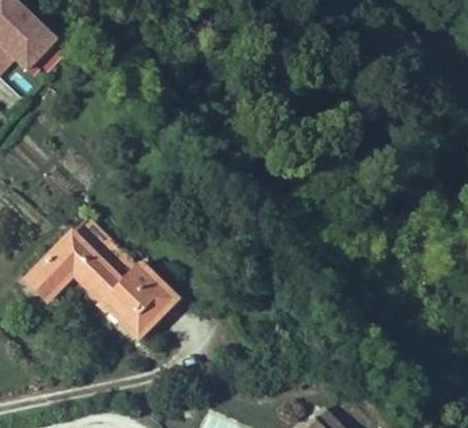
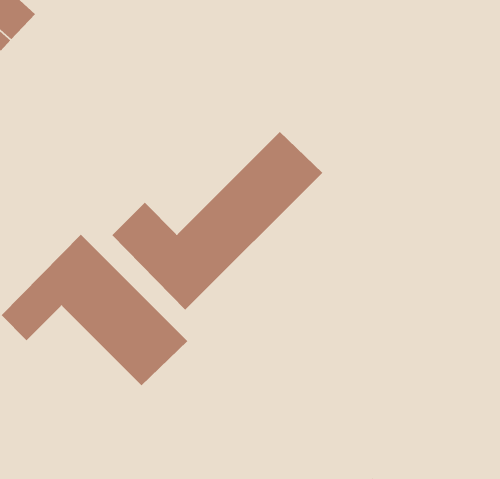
building: none -> [111,131,323,311]

